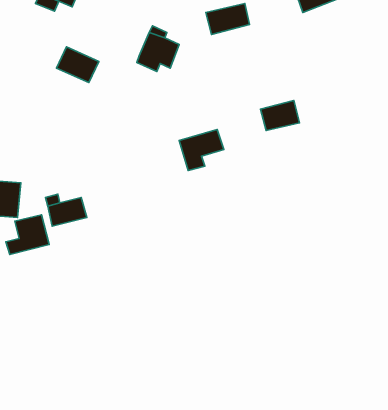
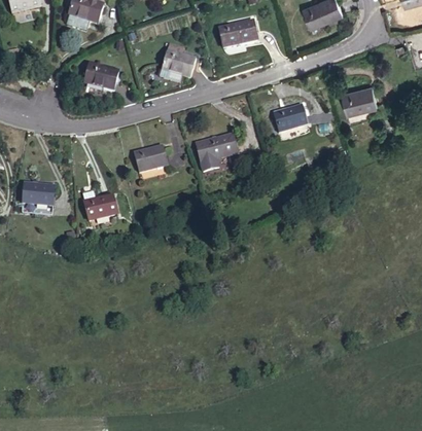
building: none -> [342,88,378,116]
building: none -> [132,145,167,175]
building: [6,215,49,255] -> none

